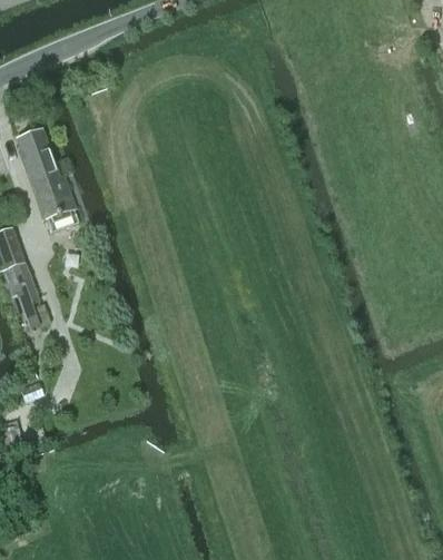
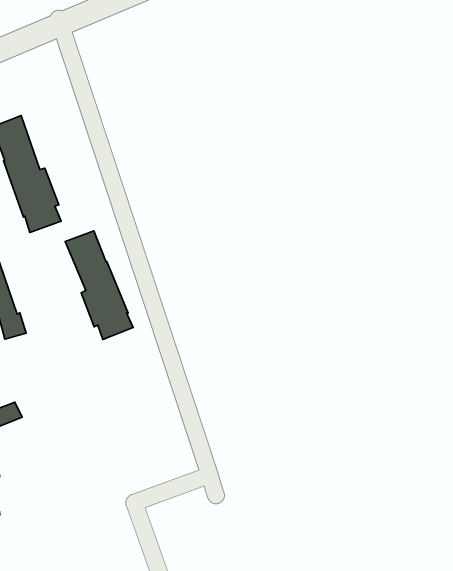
building: none -> [65,231,133,340]

